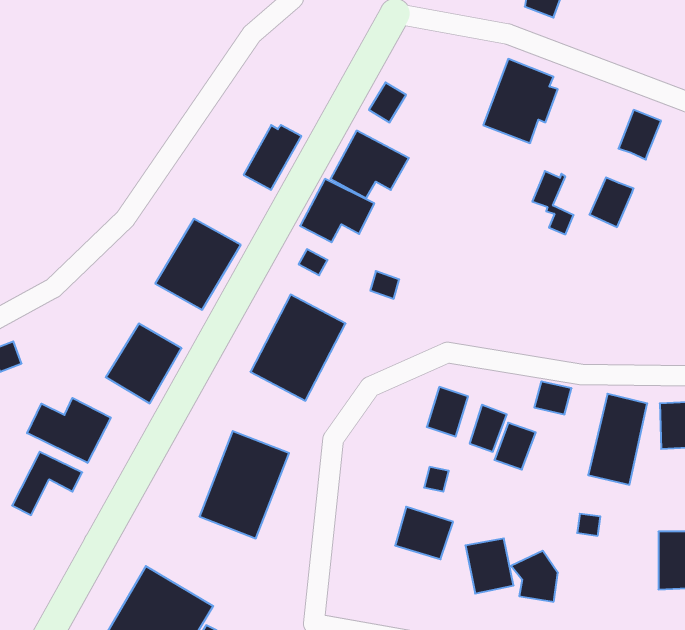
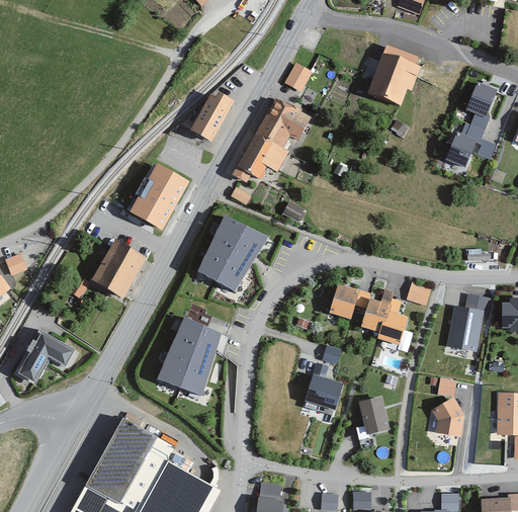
building: [532,171,574,234] -> [466,113,497,160]
building: [27,398,111,463] -> none
building: [511,551,558,602] -> [428,399,462,436]

